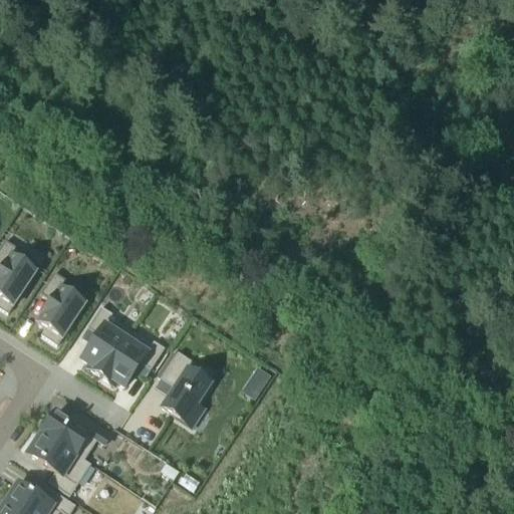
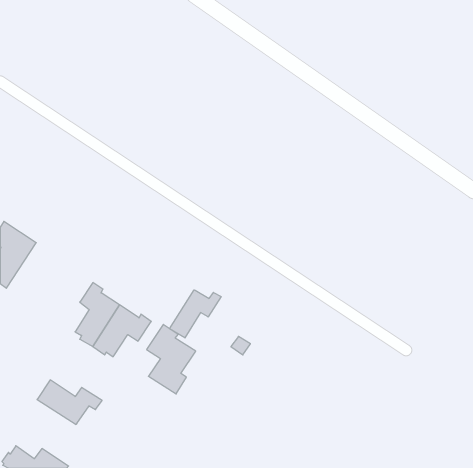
building: [37,272,83,344] -> none
building: none -> [170,290,221,338]
building: [28,433,91,496] -> none

